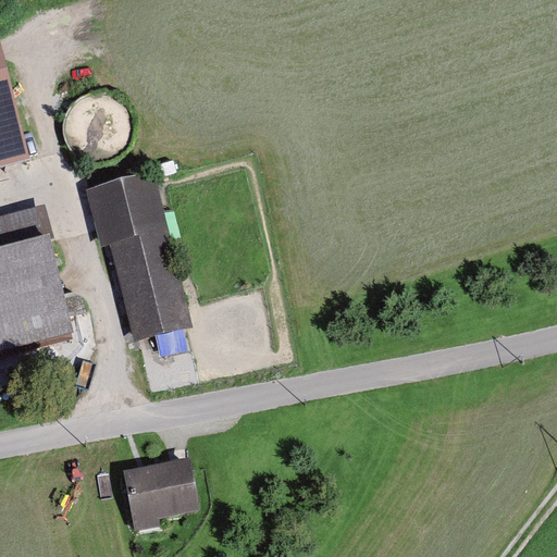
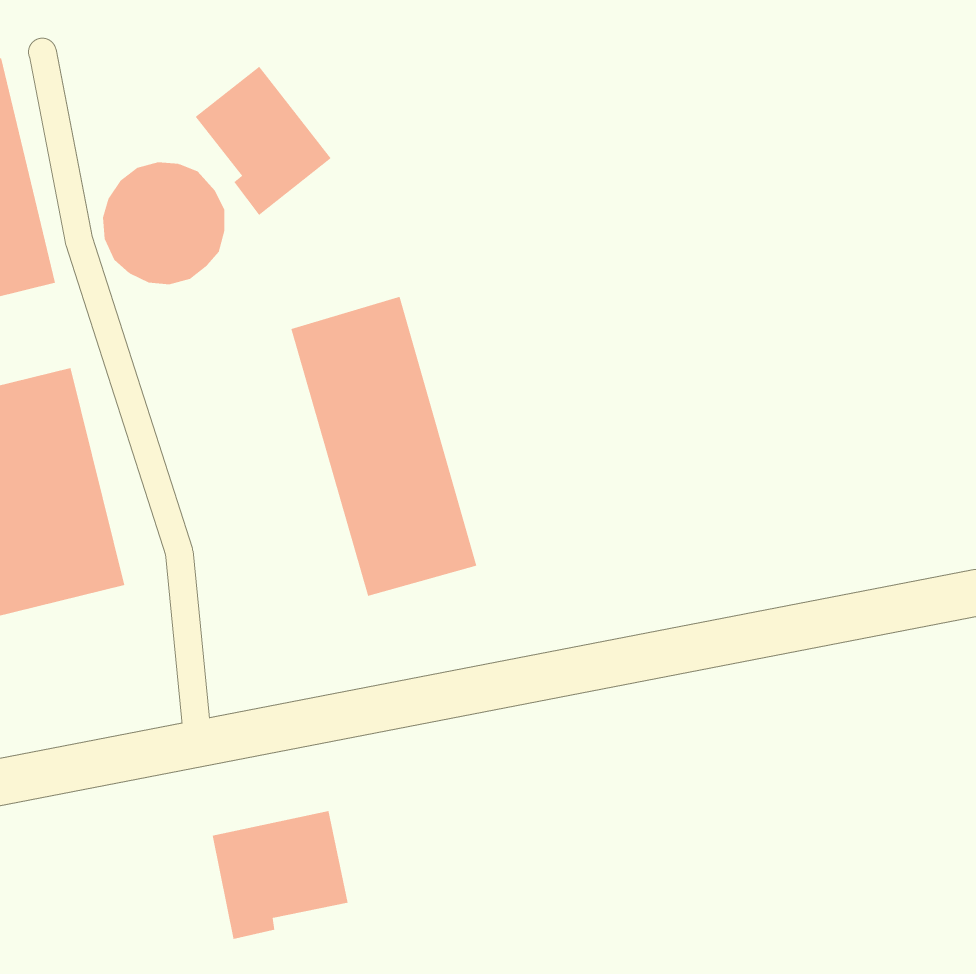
building: none -> [195,66,331,216]
building: [86,170,191,339] -> [291,296,477,596]

